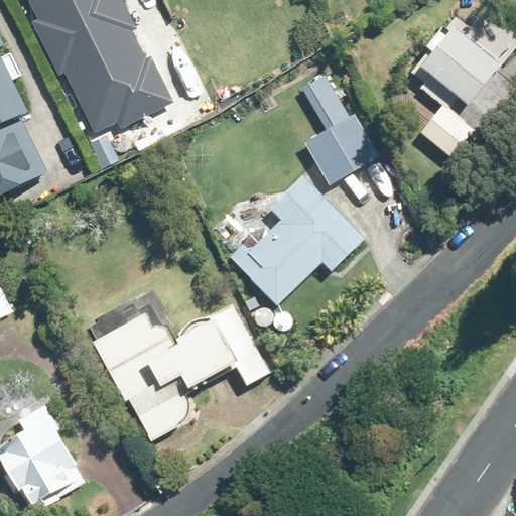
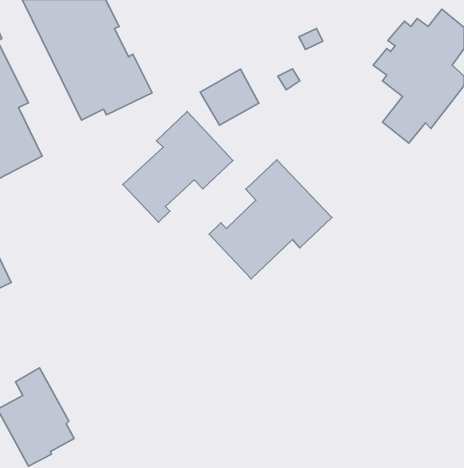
building: [307,116,372,177] -> [200,69,259,125]
building: none -> [123,112,233,222]
building: [91,305,258,440] -> none

